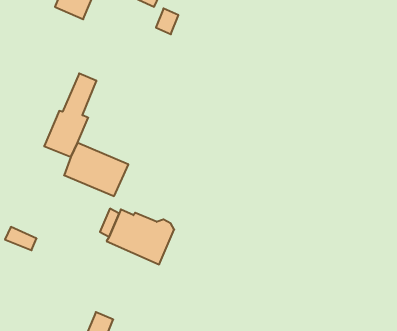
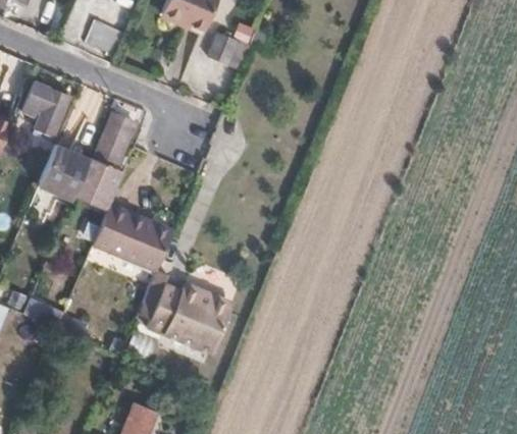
building: none -> [20,86,65,138]
building: none -> [35,148,88,204]

